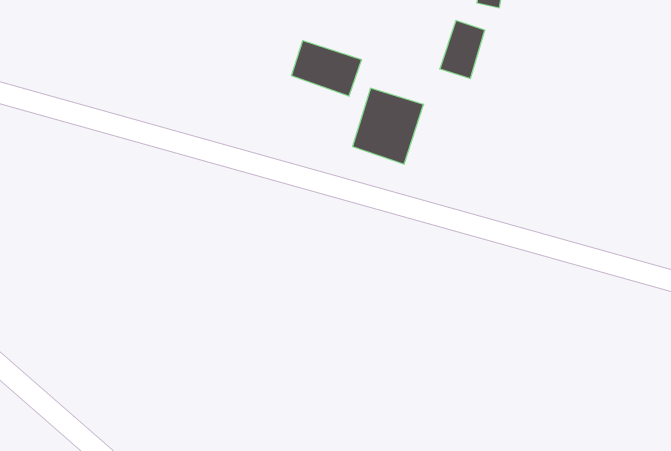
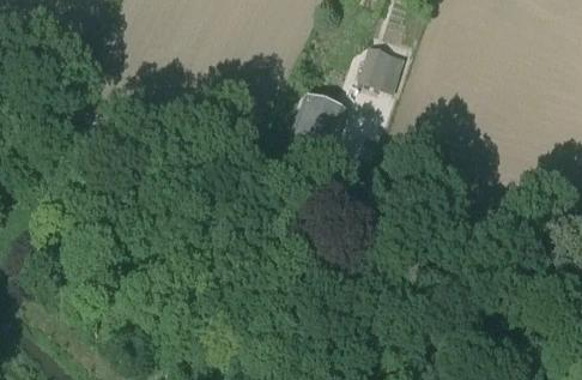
building: [292,41,361,96] -> none

